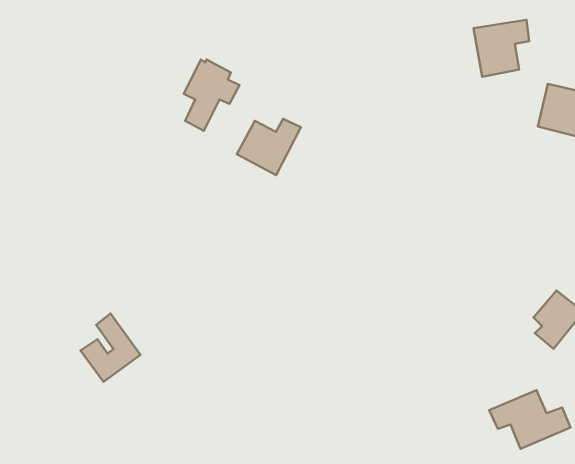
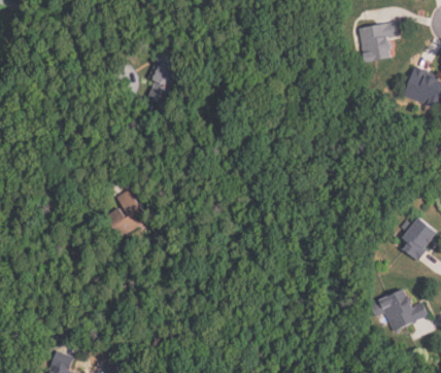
building: [237,119,301,175] -> none
building: [81,314,140,382] -> [105,189,148,238]

